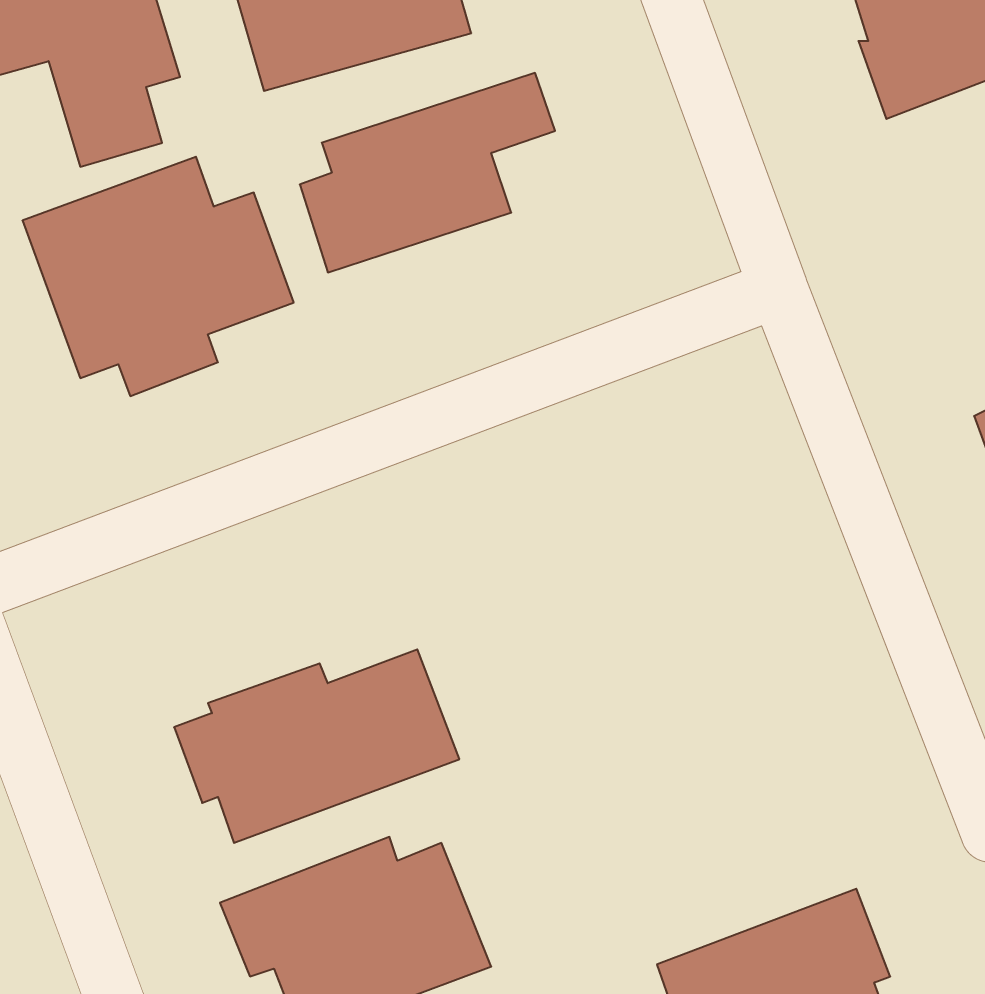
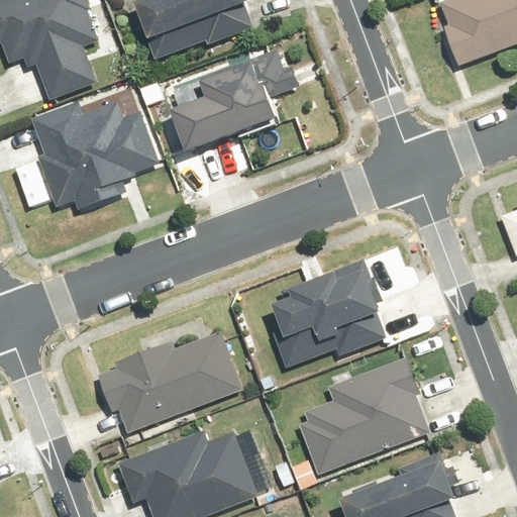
building: none -> [271,263,392,373]
building: none -> [296,363,432,478]

